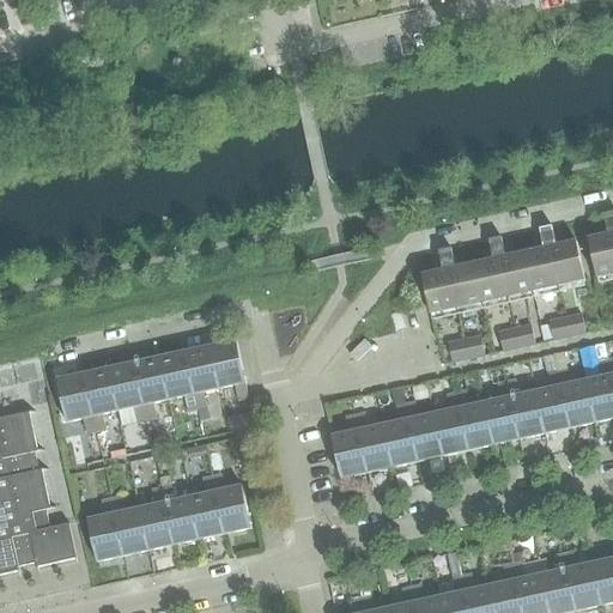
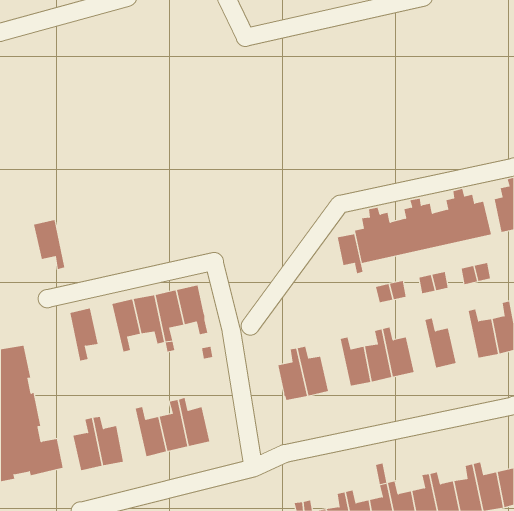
building: none -> [337,233,363,274]
building: [108,362,146,420] -> none
building: [534,370,569,432] -> none
building: [56,372,95,432] -> [33,219,65,270]
building: [484,381,518,443] -> none
building: [382,403,417,466] -> none
building: [139,486,174,550] -> none

